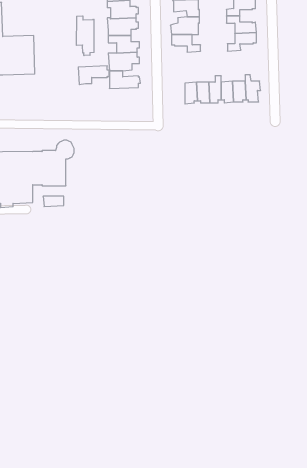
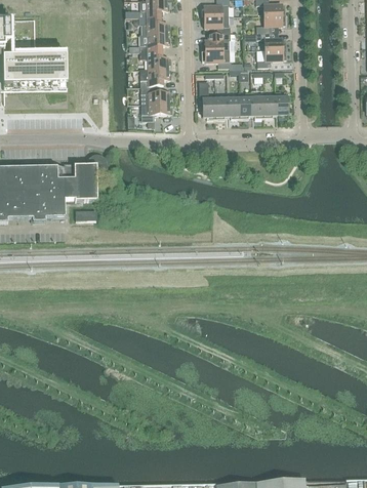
building: [77,16,94,56] -> none
building: none -> [199,80,215,118]
building: [78,66,109,85] -> [140,101,171,120]

